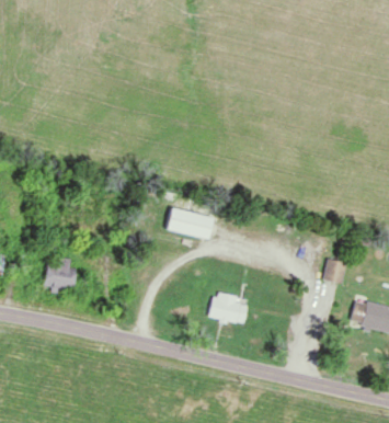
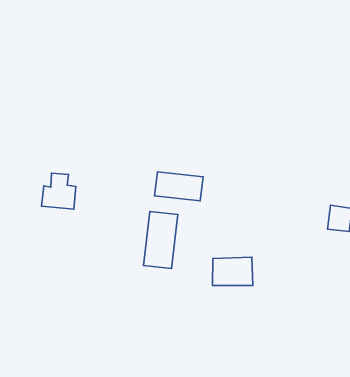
building: none -> [144,212,178,268]
building: [43,256,77,293] -> [41,173,76,209]

